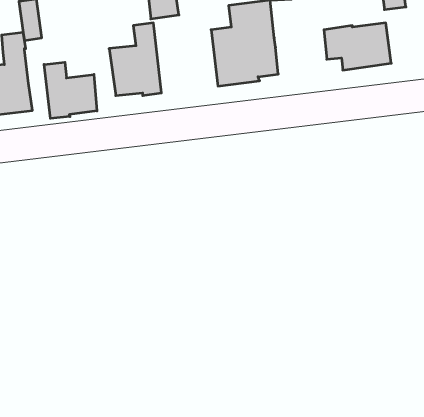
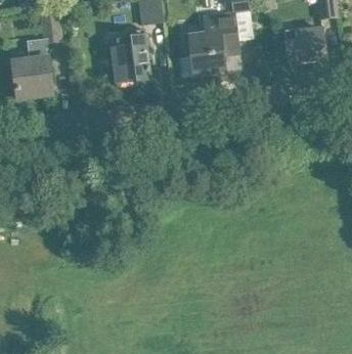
building: [44,62,97,118] -> none

